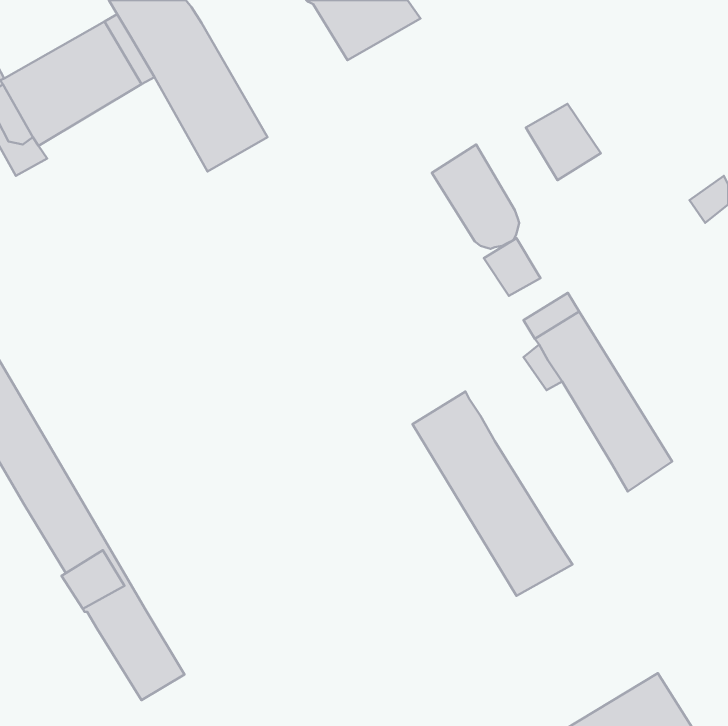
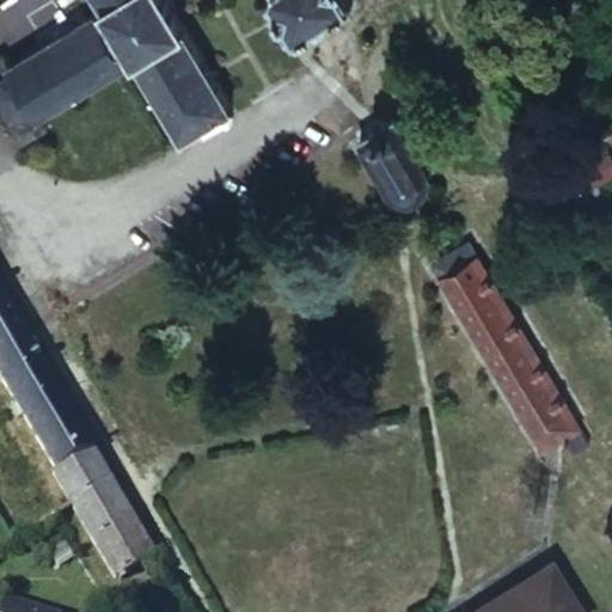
building: [526,104,601,180] -> none
building: [484,238,540,296] -> none
building: [412,392,573,596] -> none
building: none -> [525,390,585,449]

